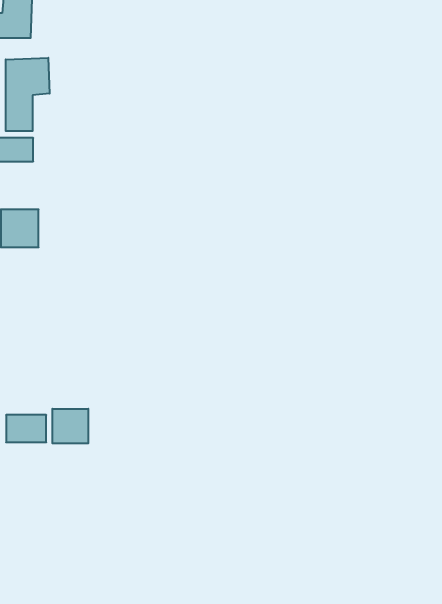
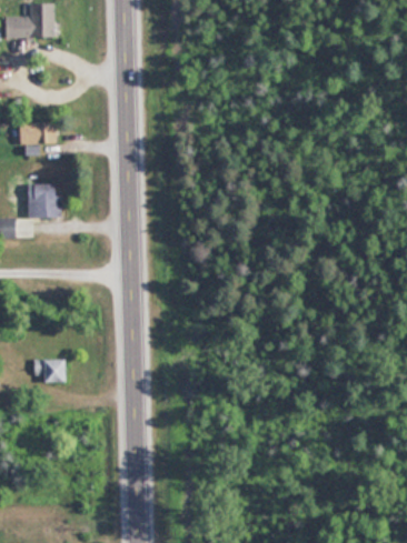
building: [6,58,50,131] -> none
building: [52,409,88,443] -> none

